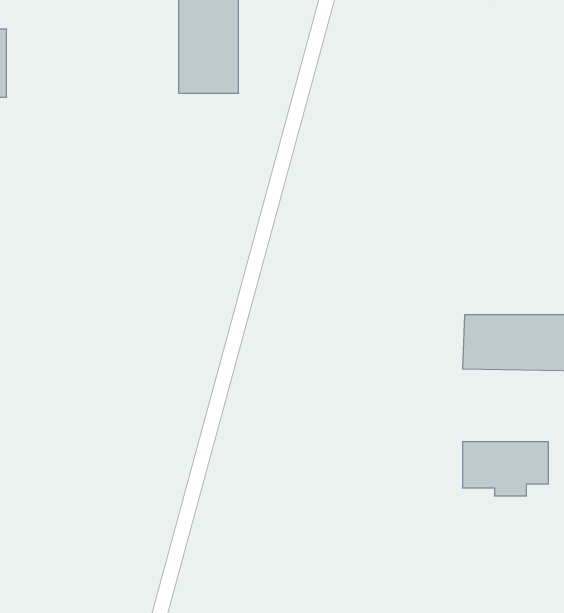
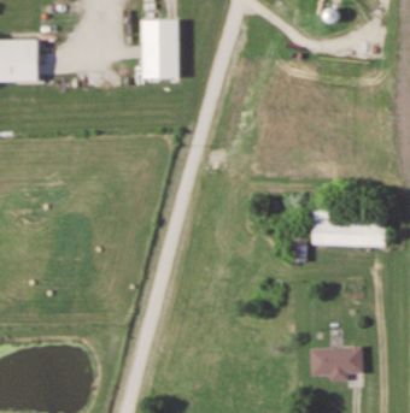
building: [462,442,548,496] -> [310,349,362,382]

